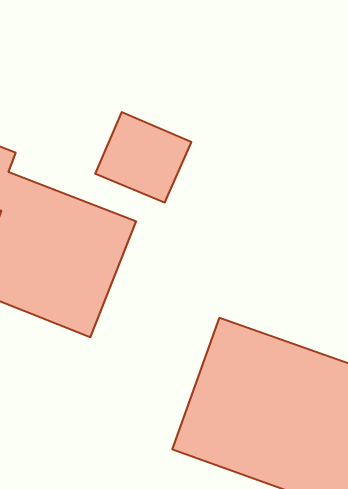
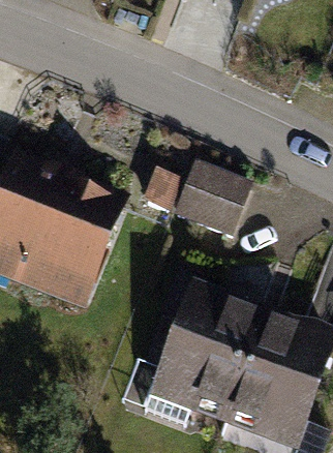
building: [95,112,191,202] -> [169,160,251,238]

